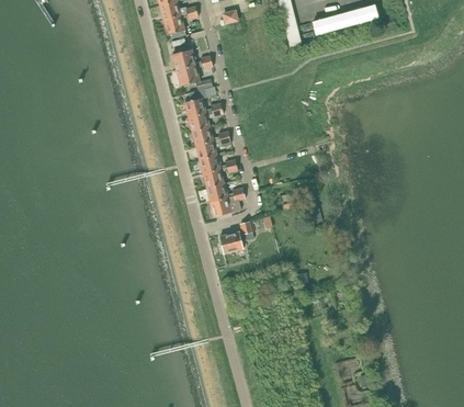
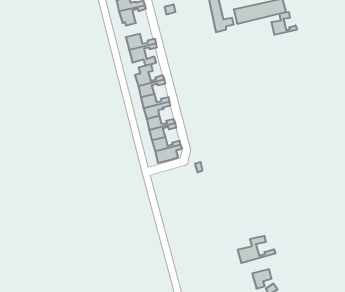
building: none -> [272,12,297,35]
building: [218,222,251,253] -> none
building: none -> [238,236,275,263]

